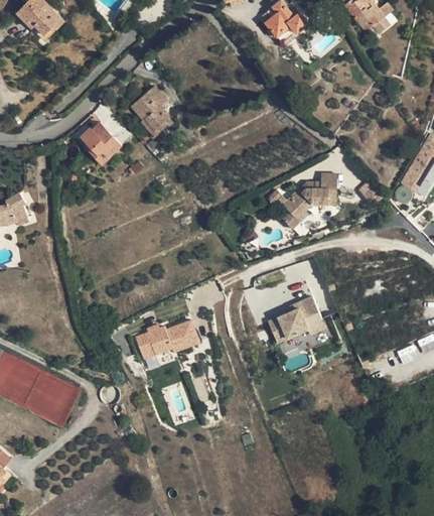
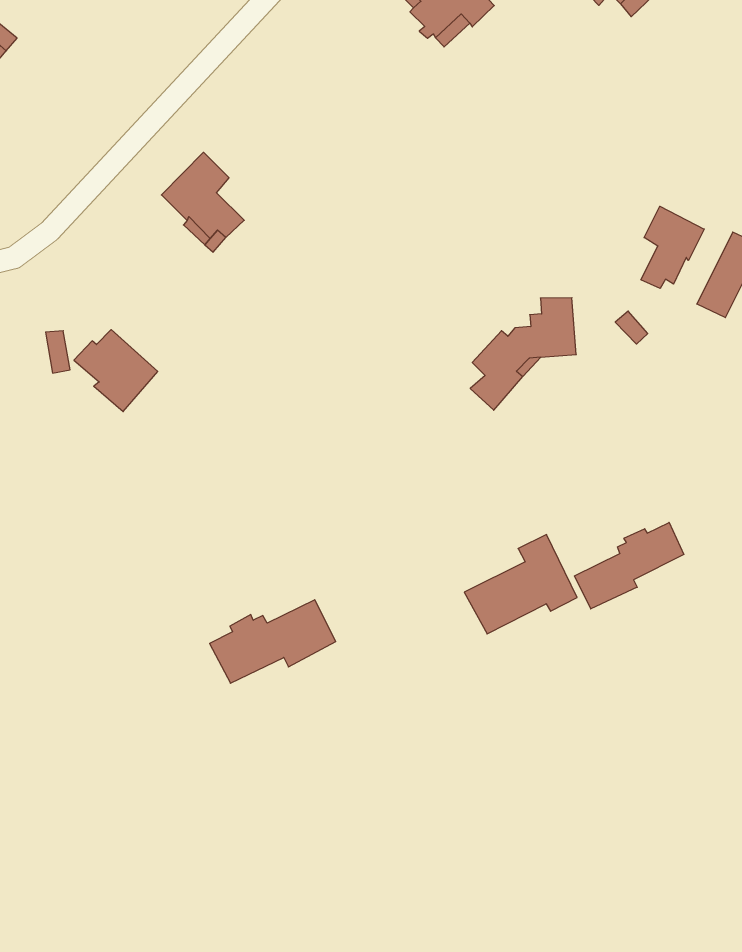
building: [79,122,121,164] -> [74,330,158,412]
building: none -> [641,206,704,288]
building: none -> [575,522,684,609]

